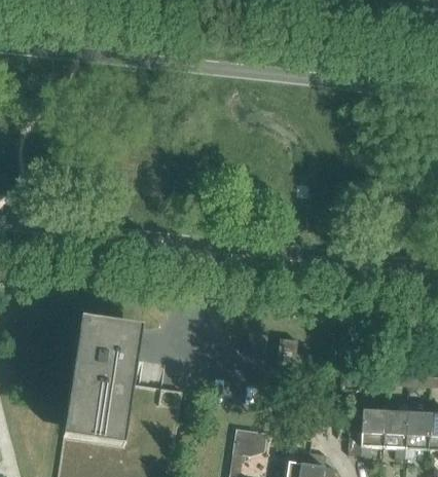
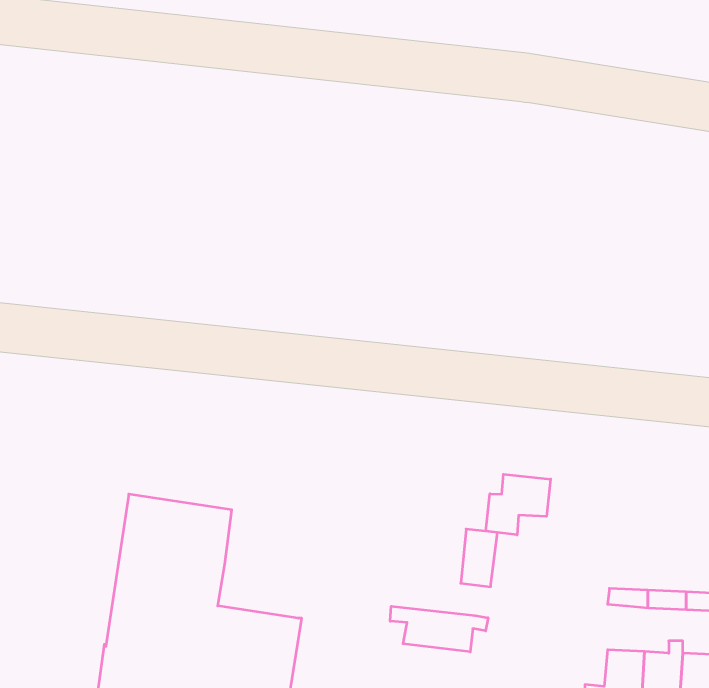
building: none -> [486,474,551,535]
building: none -> [390,606,488,652]

